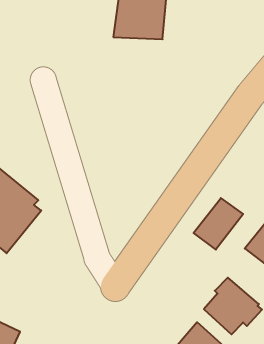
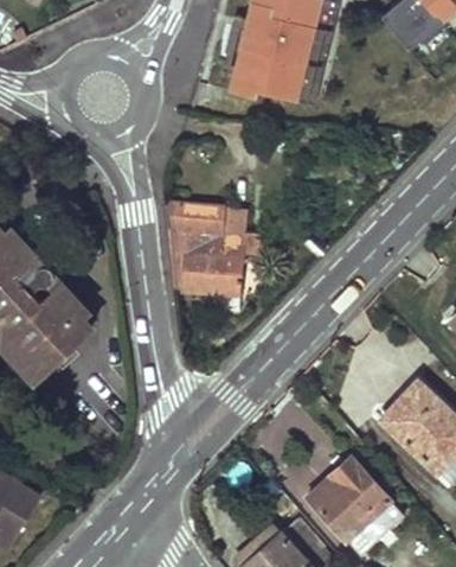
building: none -> [167,204,243,294]
building: [194,198,243,250] -> none

